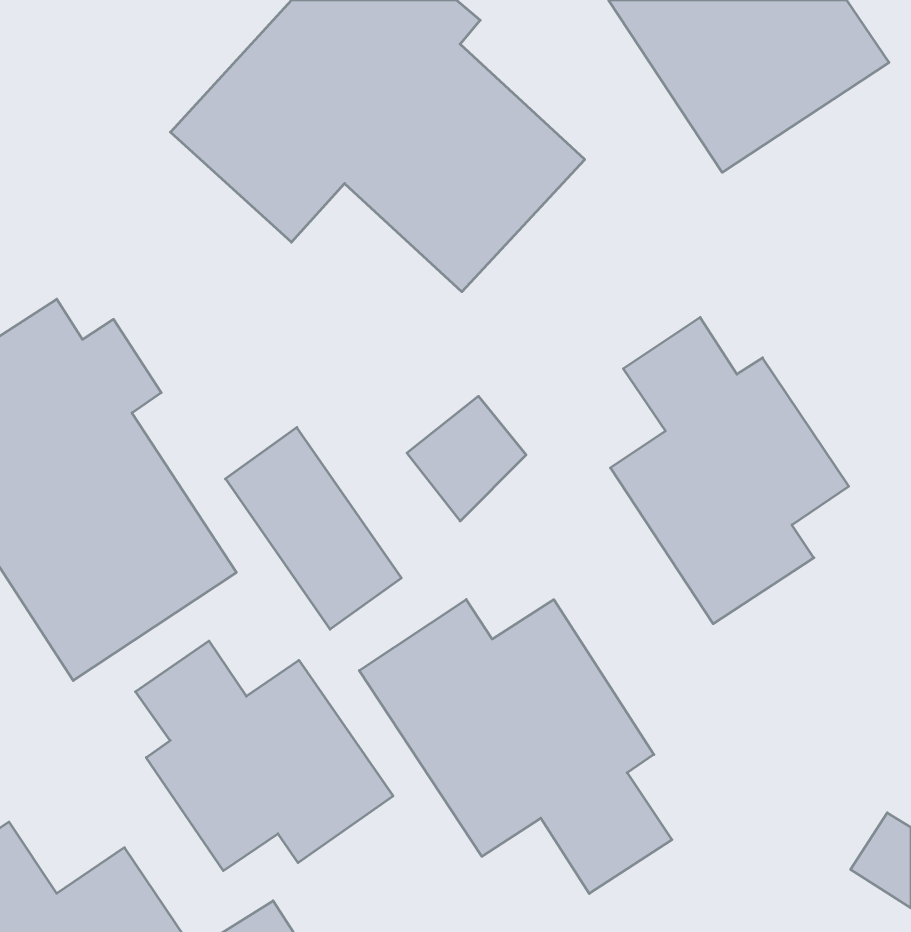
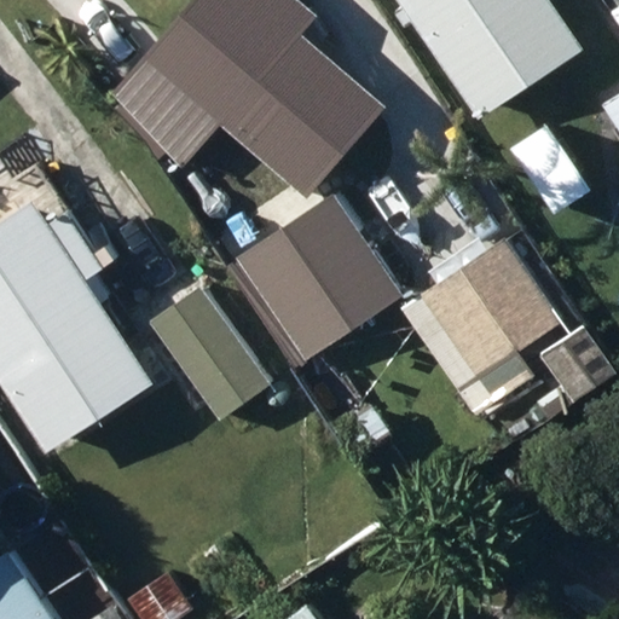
building: [359,599,672,894] -> none
building: [135,641,393,871] -> none

